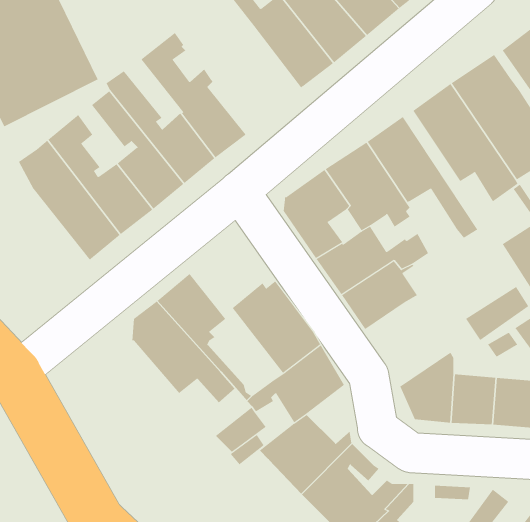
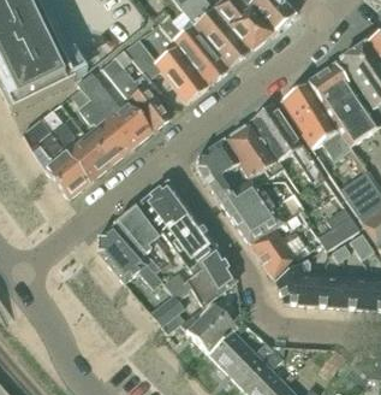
building: none -> [125,39,208,102]
building: none -> [141,182,191,230]
building: none -> [250,226,310,277]

